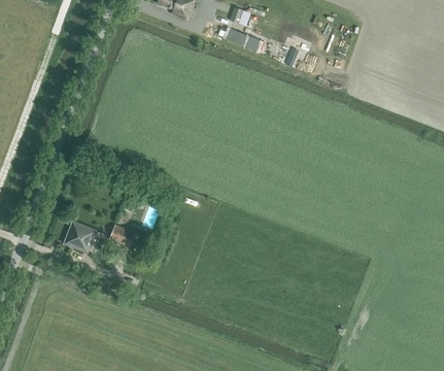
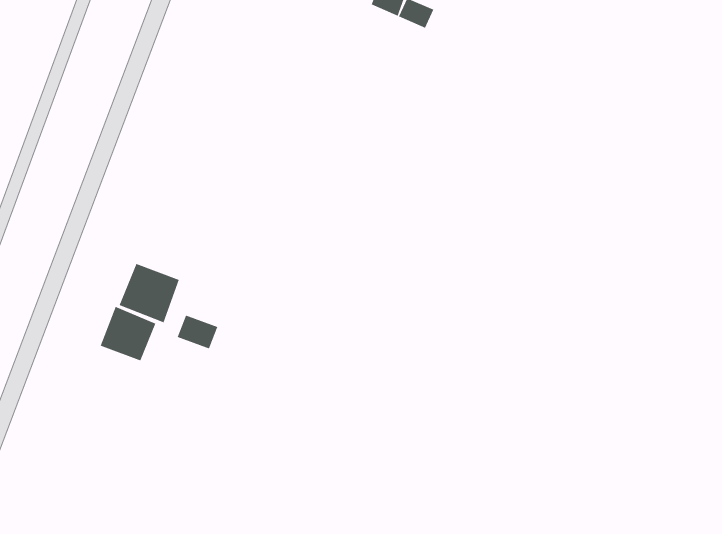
building: none -> [119,263,180,323]

